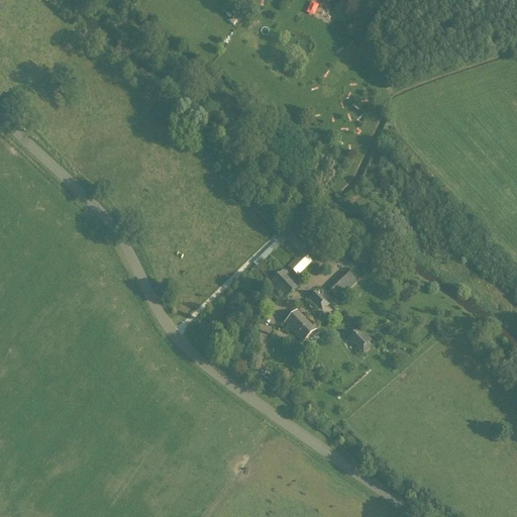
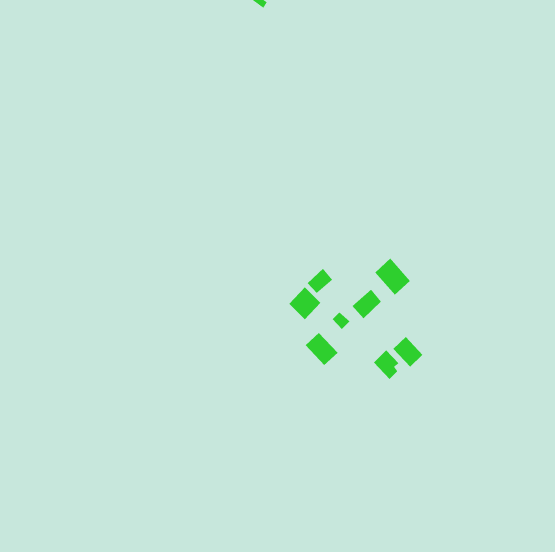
building: none -> [374,258,411,295]
building: none -> [393,336,423,368]

